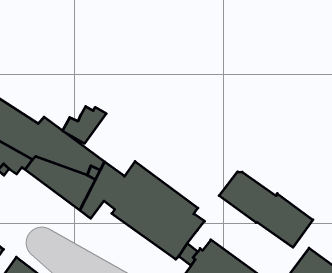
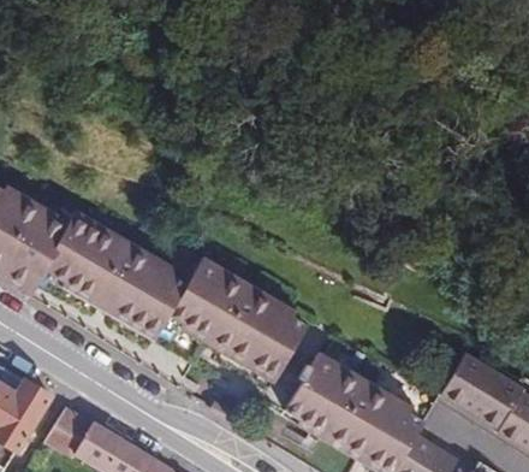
building: [63,106,106,143] -> none
building: [219,172,313,247] -> none

